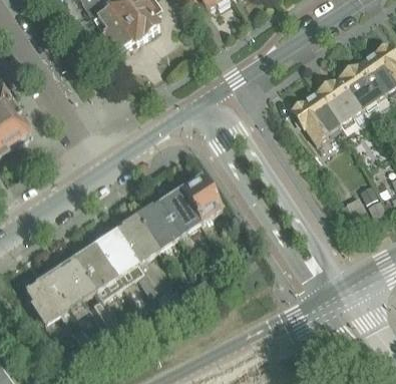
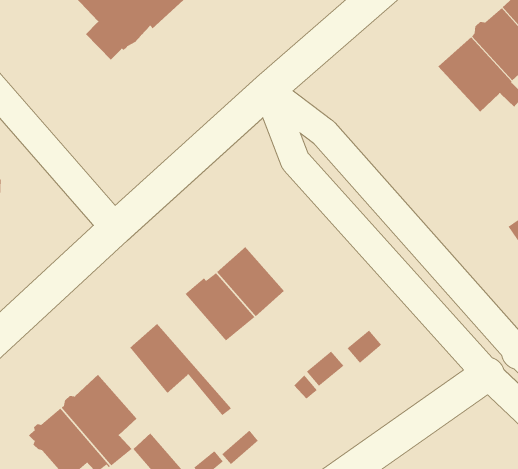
building: [293,92,340,141] -> none
building: [178,175,221,222] -> none
building: [115,215,163,292] -> none
building: [73,244,115,290] -> none

